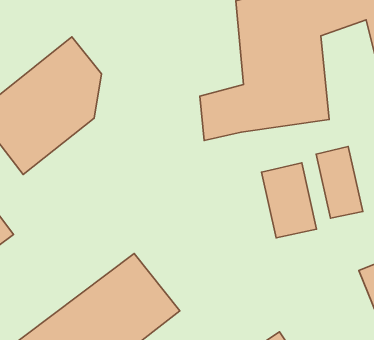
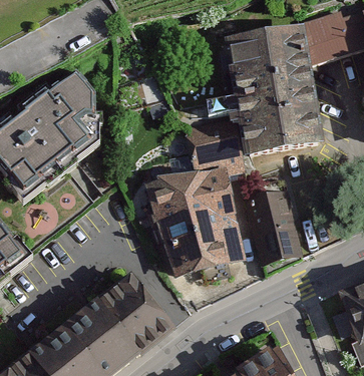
building: none -> [146,168,244,276]
building: [316,147,363,218] -> none

